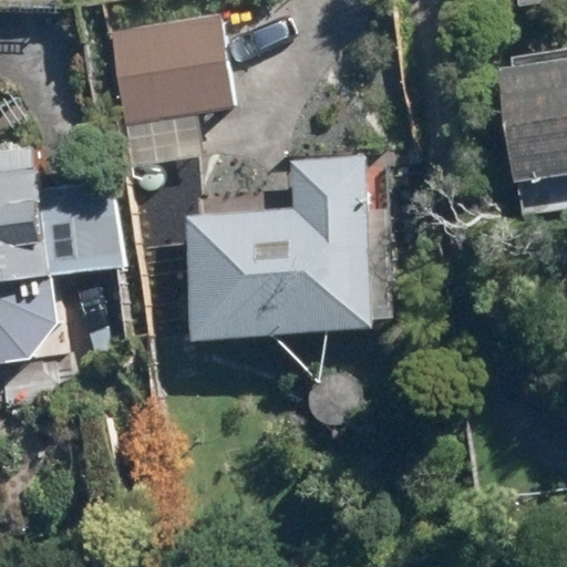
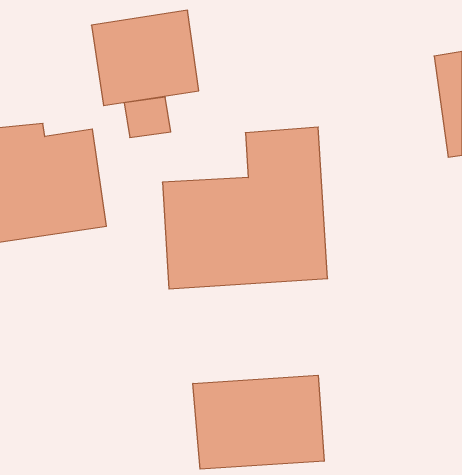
building: none -> [193,375,324,469]

